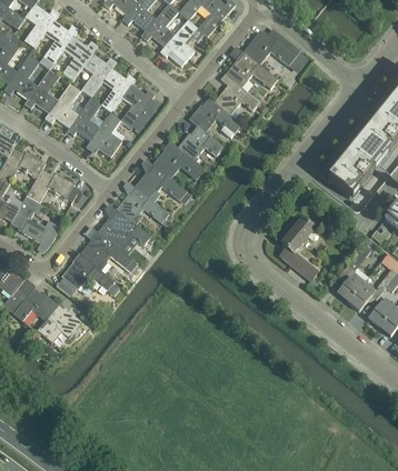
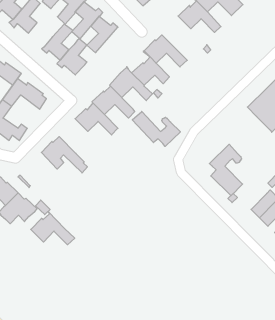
building: [208,73,259,116] -> none
building: [44,83,80,128] -> none
building: none -> [132,111,180,146]
building: [98,209,150,250] -> none
building: [61,253,115,290] -> [31,212,75,245]

